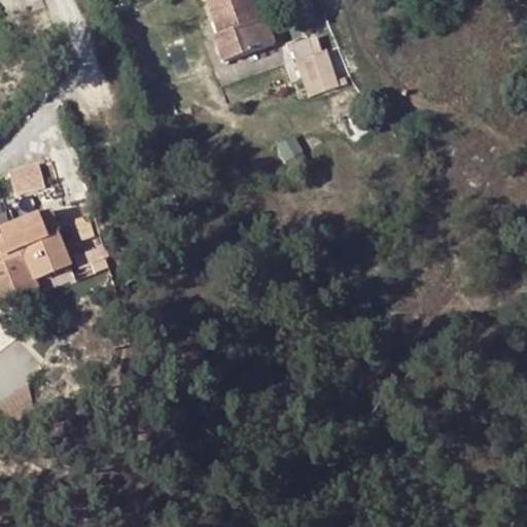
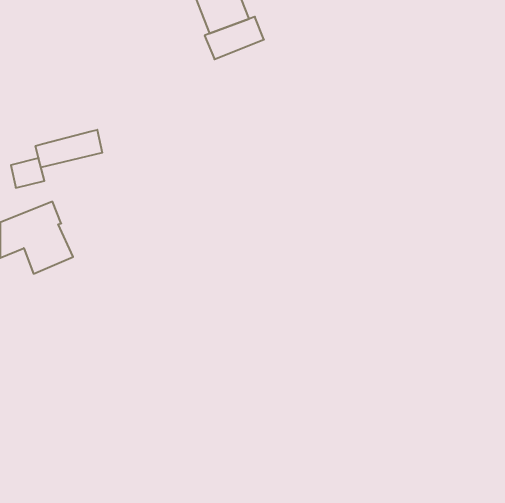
building: [287,26,327,83] -> none
building: none -> [36,130,102,167]

